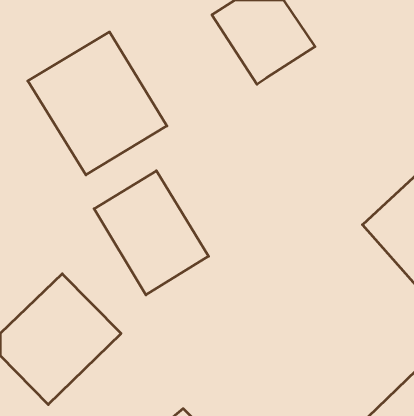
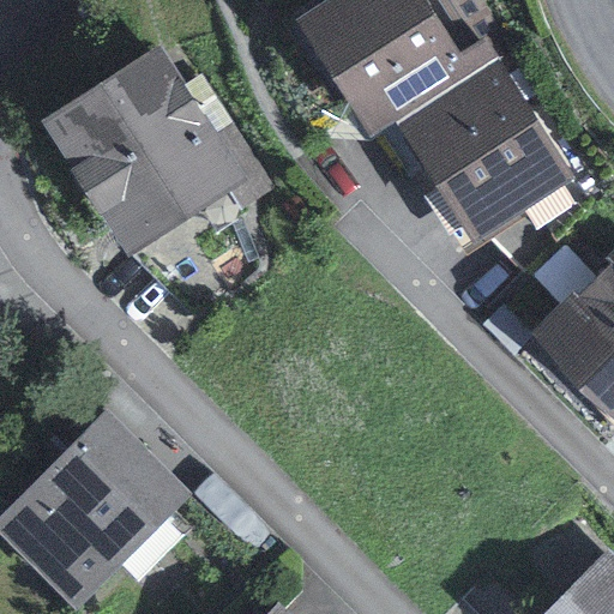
building: none -> [397,58,565,235]
building: [94,171,209,295] -> none

